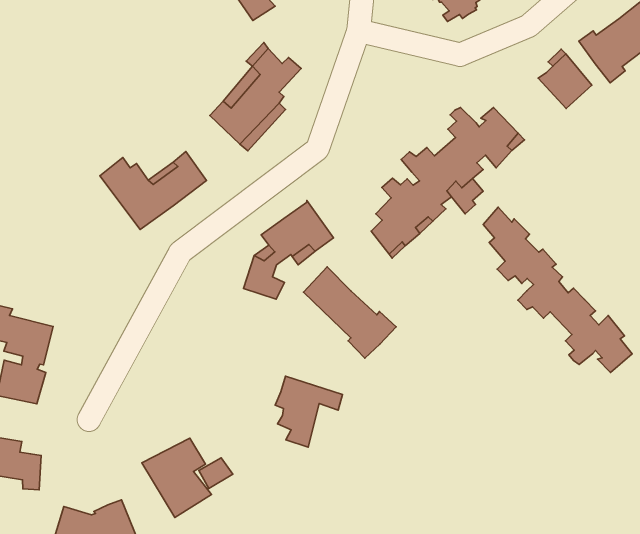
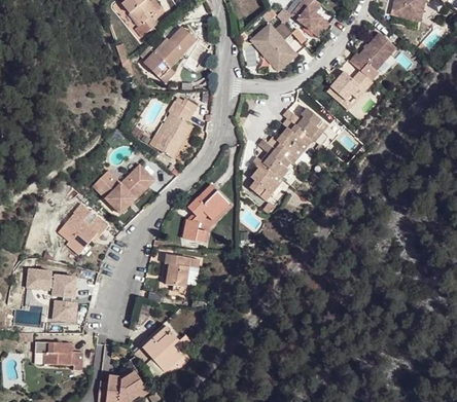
building: none -> [57,203,104,249]
building: [483,207,632,372] -> none
building: [304,267,396,358] -> none
building: [275,376,342,447] -> [164,254,201,292]

